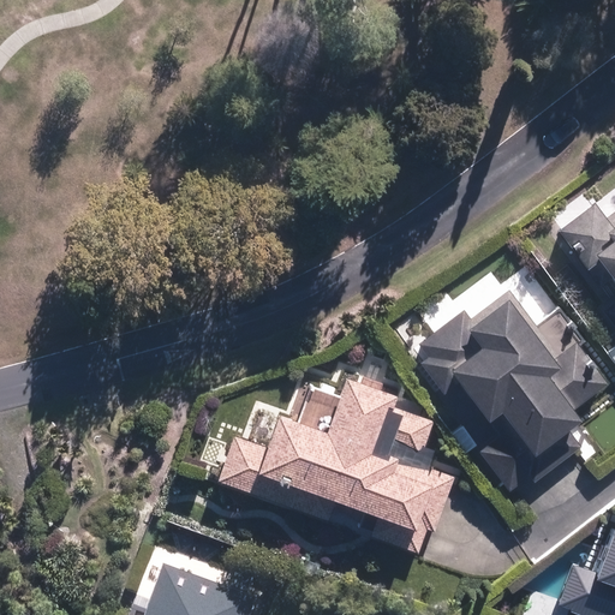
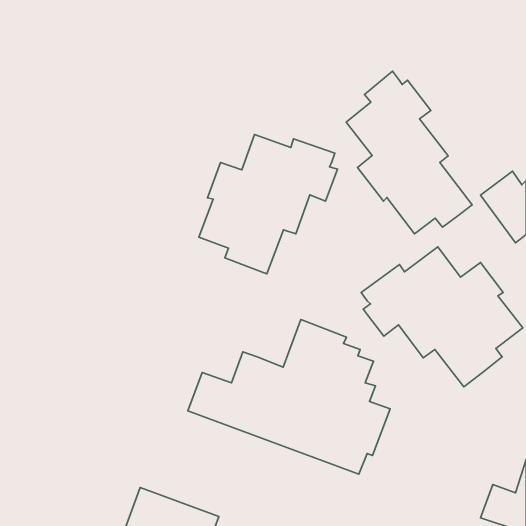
building: none -> [346,71,472,234]
building: none -> [199,135,337,274]

